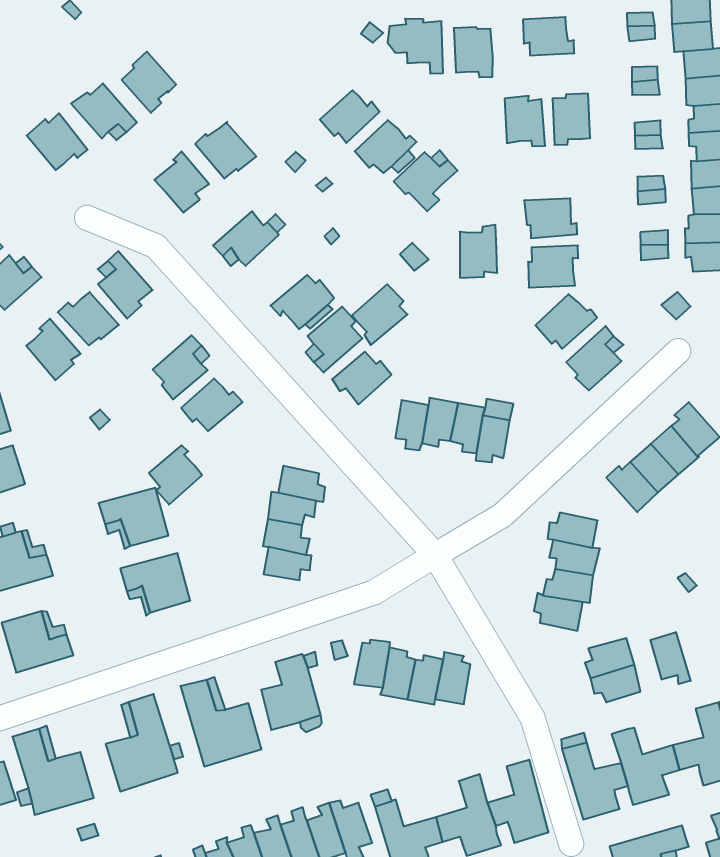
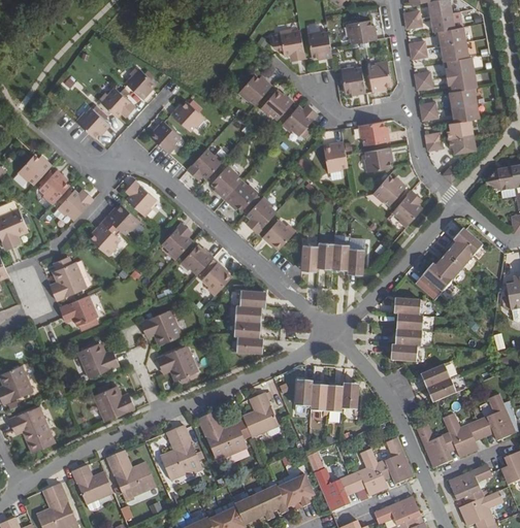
building: [352,284,408,345] -> [210,165,241,200]
building: [149,445,202,505] -> [201,261,231,295]
building: [650,632,691,684] -> none

